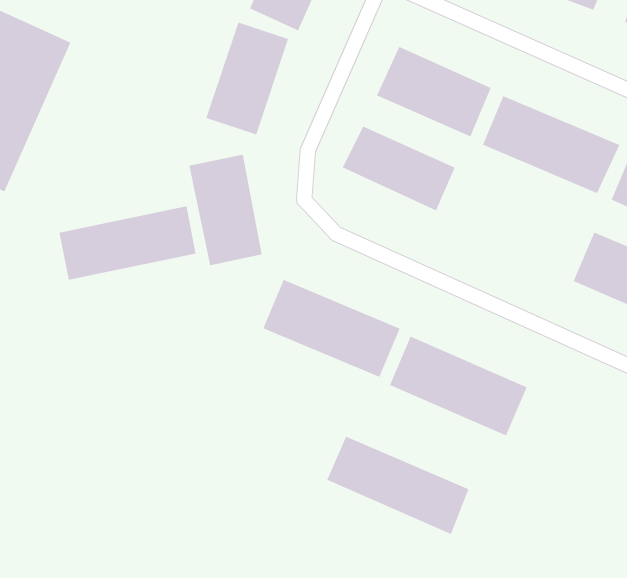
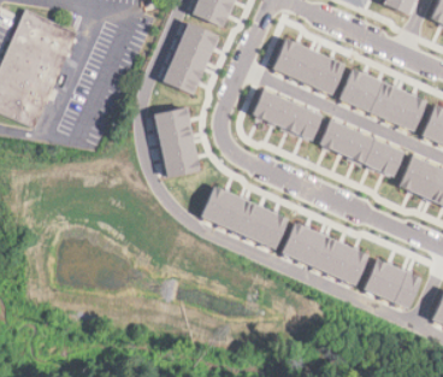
building: none -> [318,118,403,178]
building: [59,206,196,281] -> none
building: none -> [362,258,421,310]
building: [327,436,469,535] -> none

